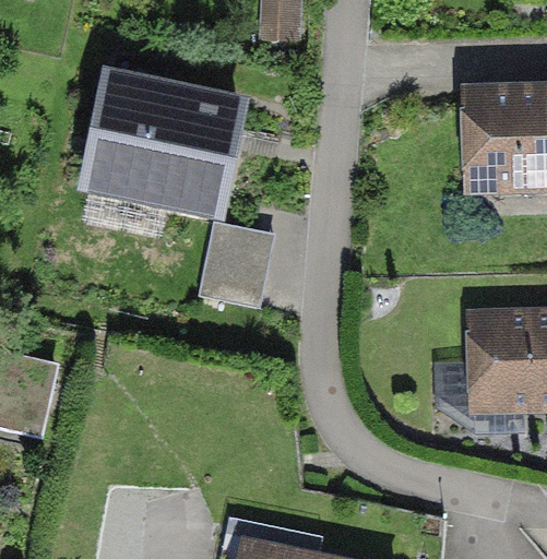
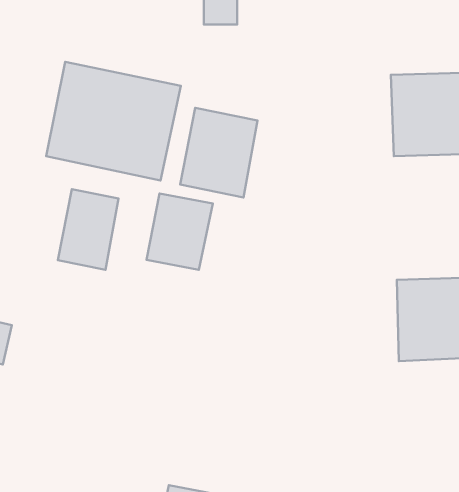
building: none -> [180,108,257,197]
building: none -> [58,189,119,270]

